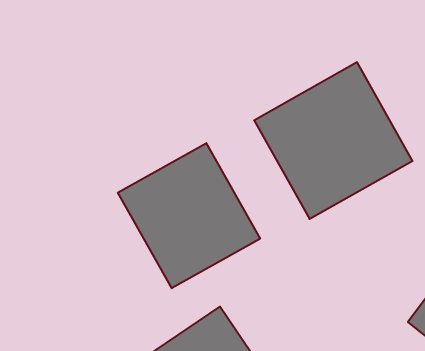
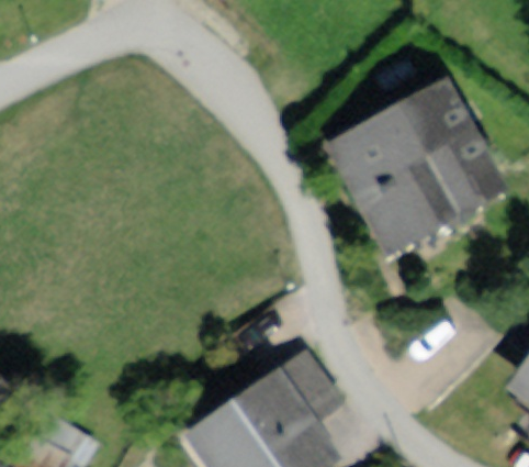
building: [118,143,260,288] -> none

